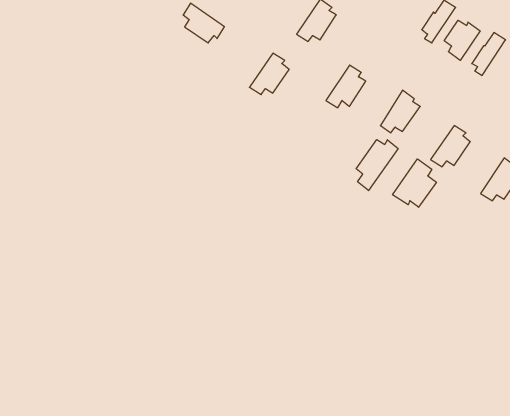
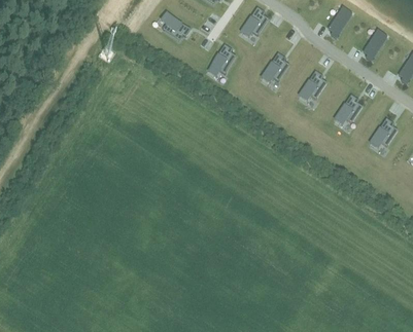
building: [444,20,480,60] -> none
building: [356,140,398,191] -> none
building: [393,159,436,207] -> none

